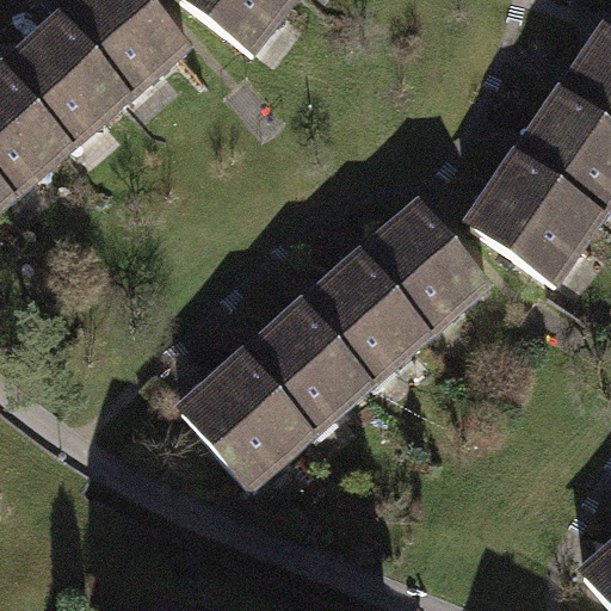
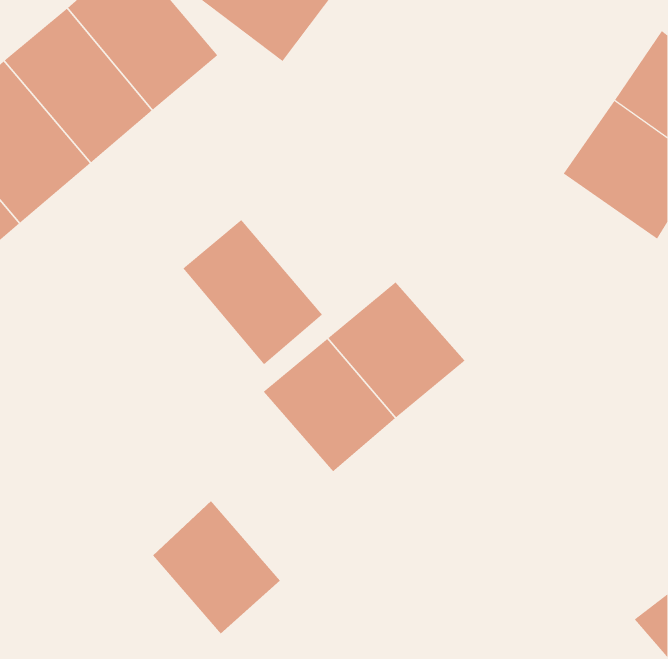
building: [470,158,597,274] -> none
building: none -> [182,219,323,365]
building: [359,205,479,327] -> none
building: [185,356,302,477] -> [152,500,281,634]

